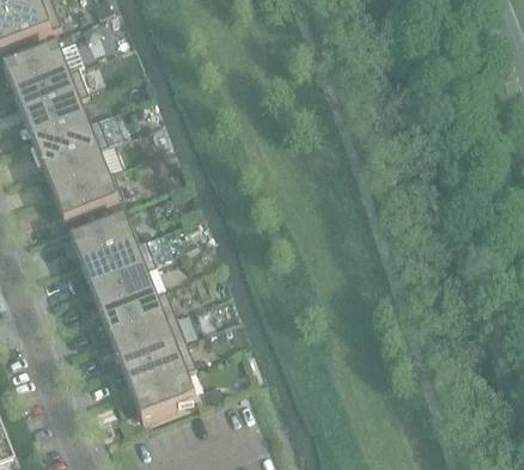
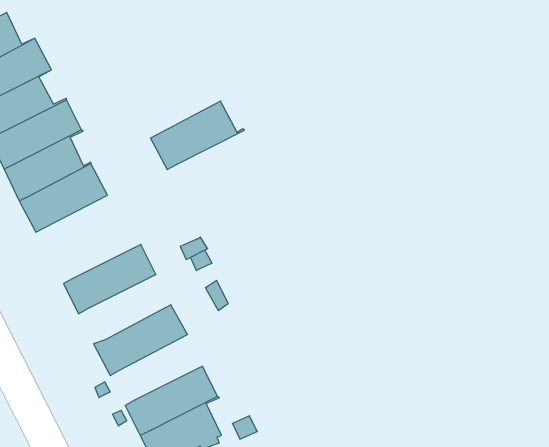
building: [72,218,147,268] -> [150,101,244,170]
building: [92,268,166,318] -> none
building: [112,318,187,370] -> none

